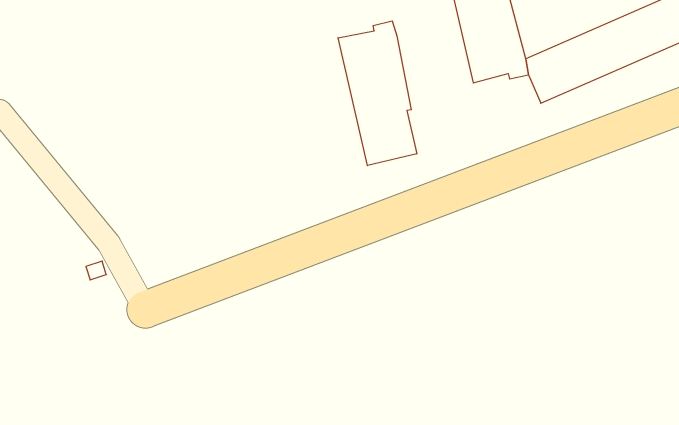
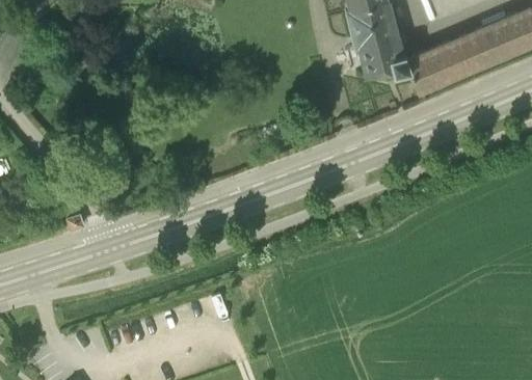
building: [338,21,417,166] -> none

